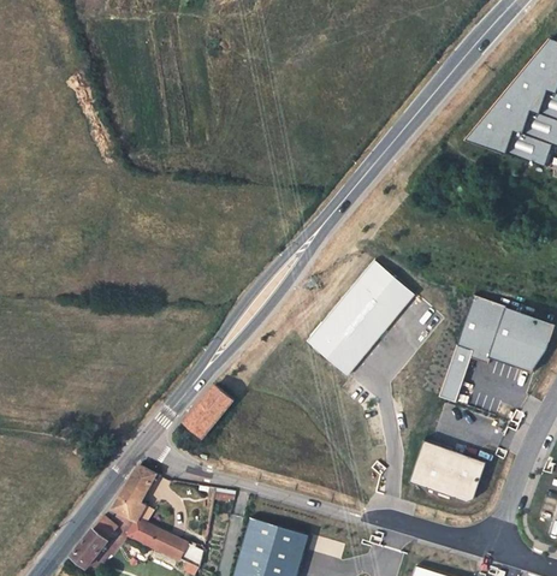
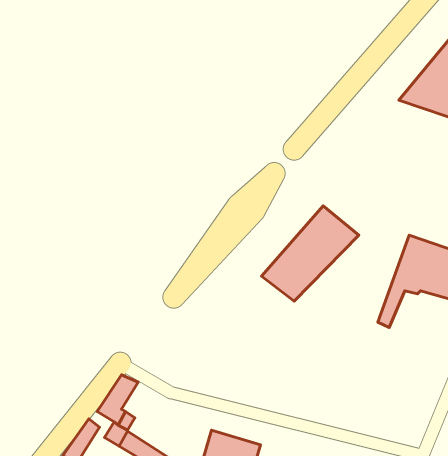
building: [183,386,232,439] -> none
building: [409,444,487,501] -> none

